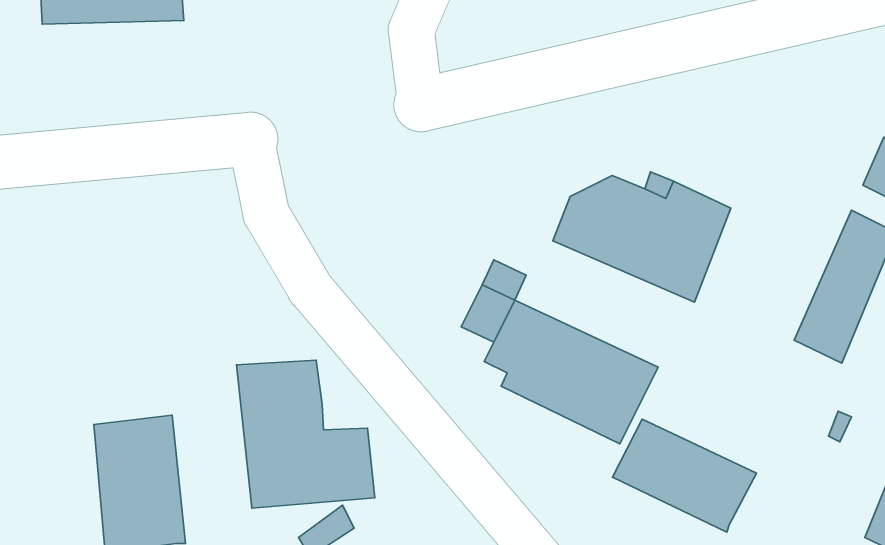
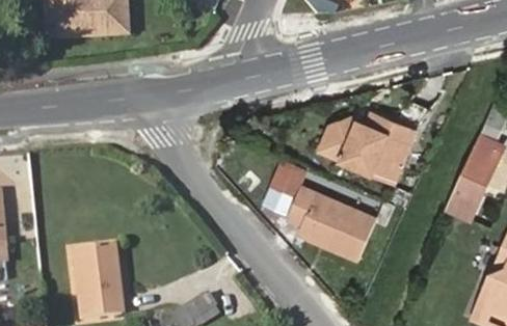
building: [237,360,375,508] -> none
building: [613,419,757,532] -> none

